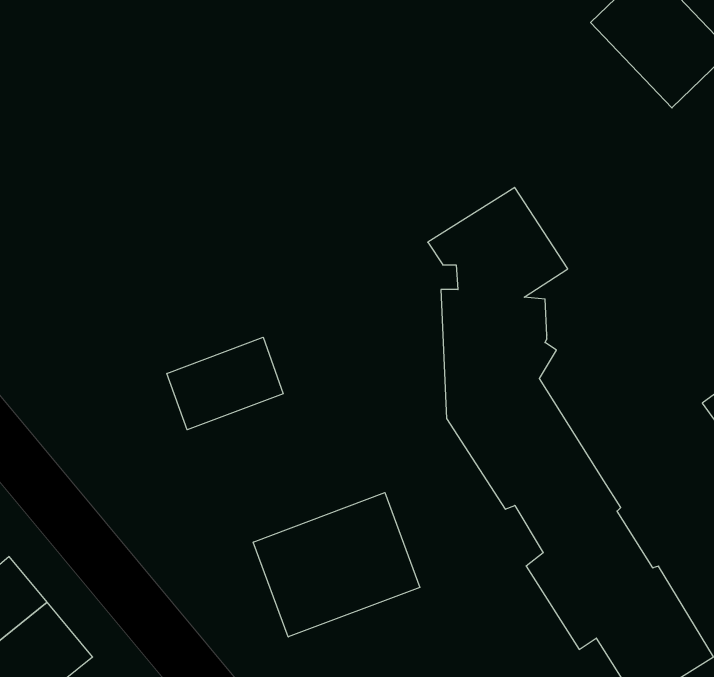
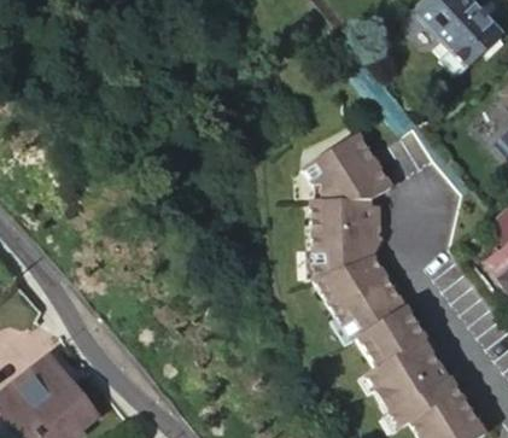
building: [167,337,283,430] -> none
building: [253,493,420,637] -> none

